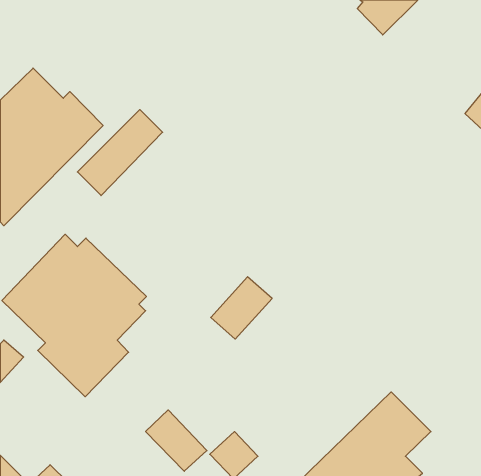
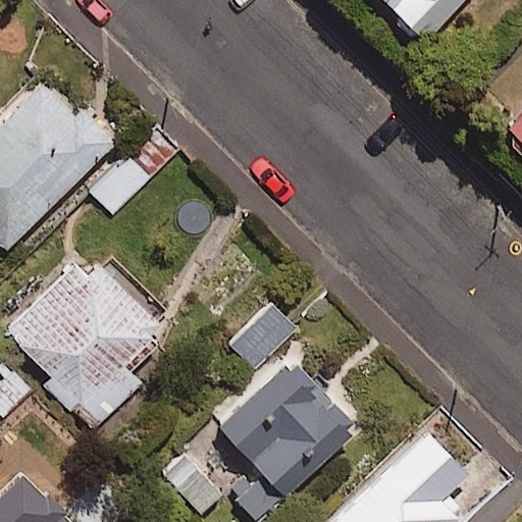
building: none -> [214,350,360,495]

